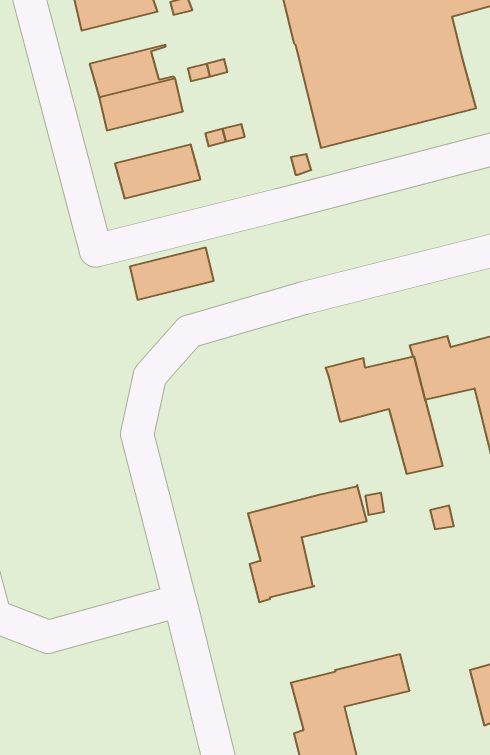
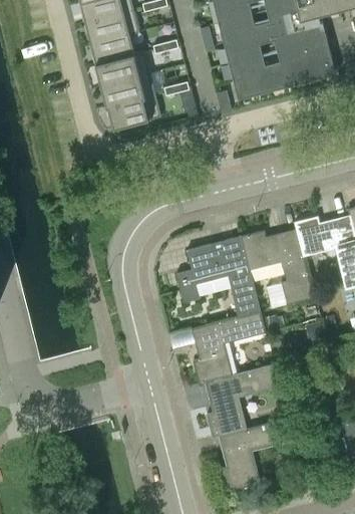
building: none -> [86,11,139,44]
building: [130,248,214,300] -> [102,74,155,107]
building: none -> [176,237,261,317]
building: none -> [206,364,281,439]

